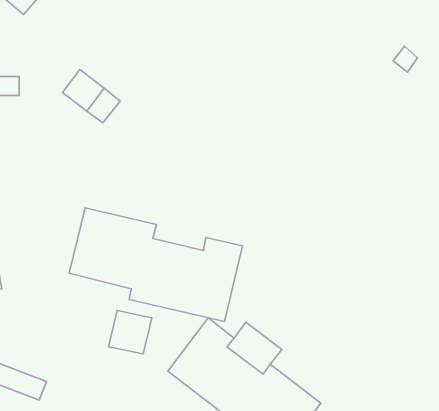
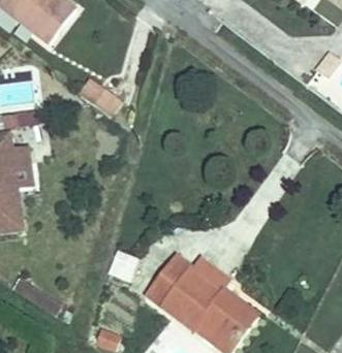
building: [69,208,243,322] -> none

